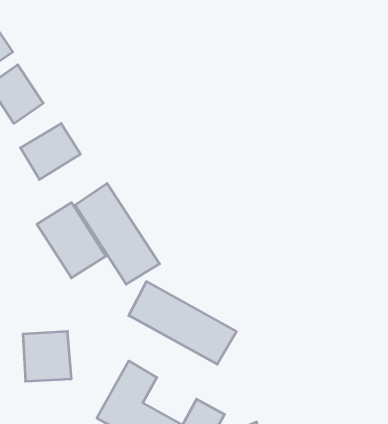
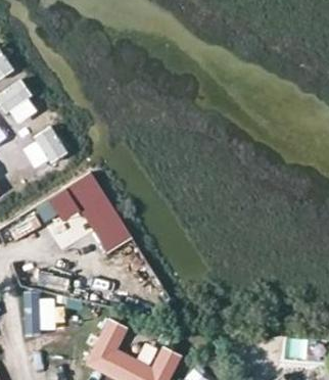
building: [129,282,236,364] -> none

